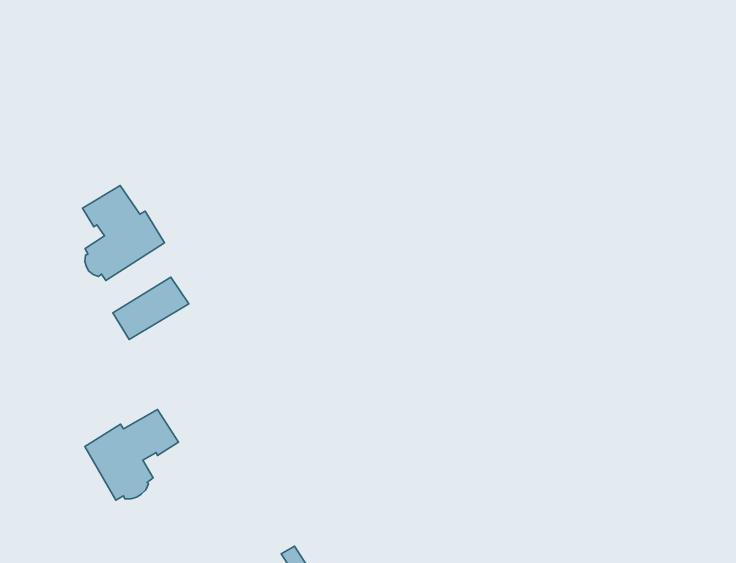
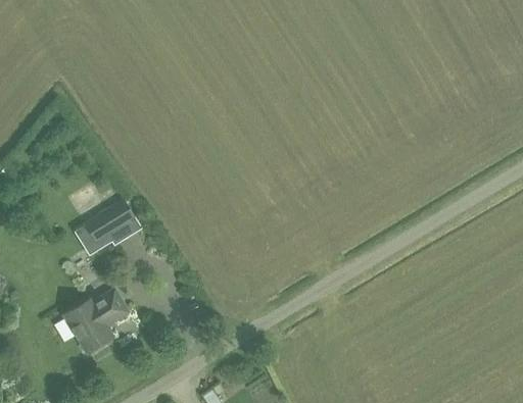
building: [83,185,164,281] -> none

